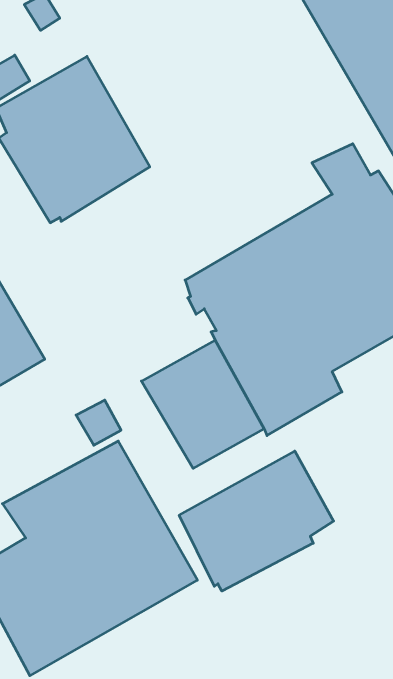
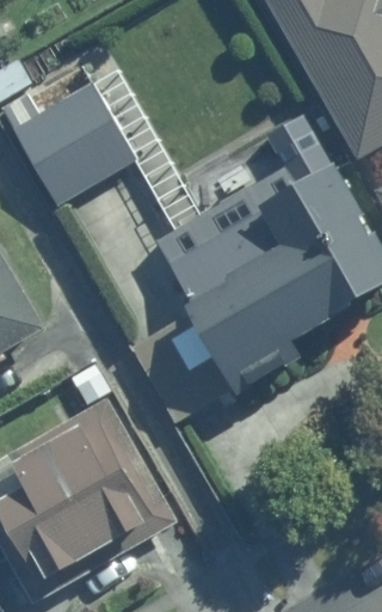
building: [179,451,334,591] -> none

